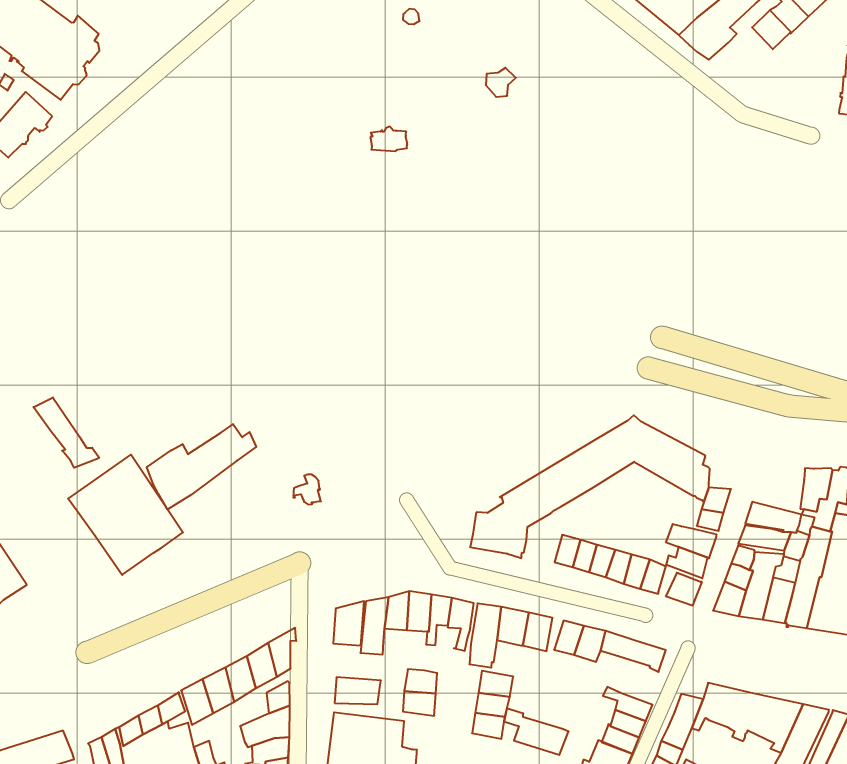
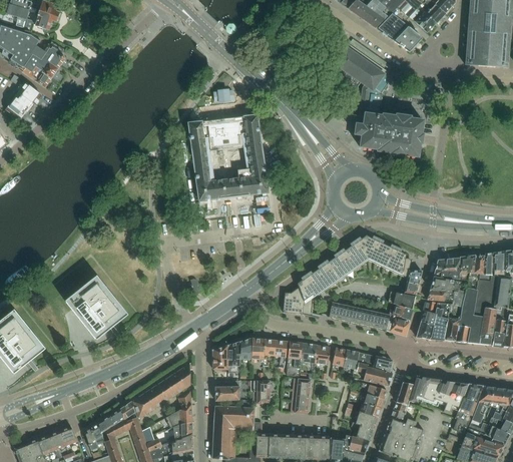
building: none -> [393,25,422,51]
building: none -> [330,46,423,156]
building: none -> [188,114,268,202]
building: [33,397,99,468] -> none
building: [147,424,256,509] -> none
building: none -> [434,258,460,279]
building: [504,709,569,755] -> [357,363,392,386]

